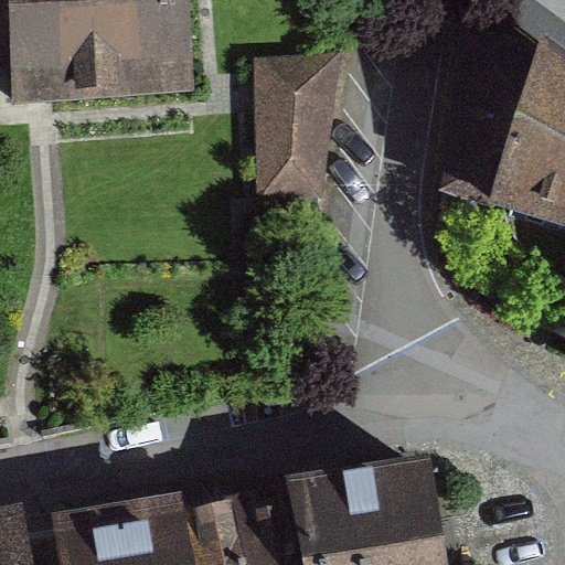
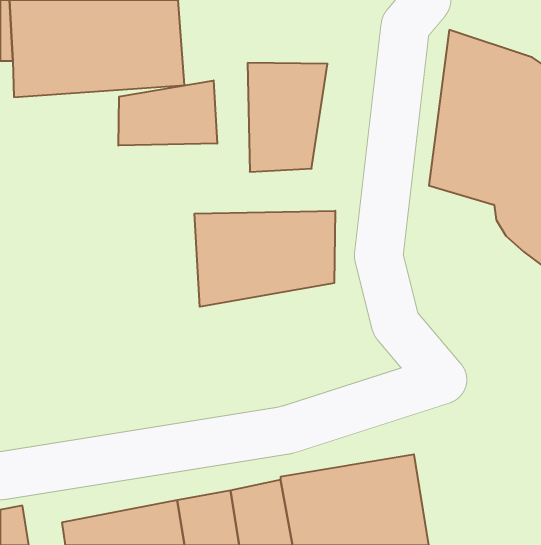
building: none -> [118,80,217,146]
building: none -> [195,211,335,307]

